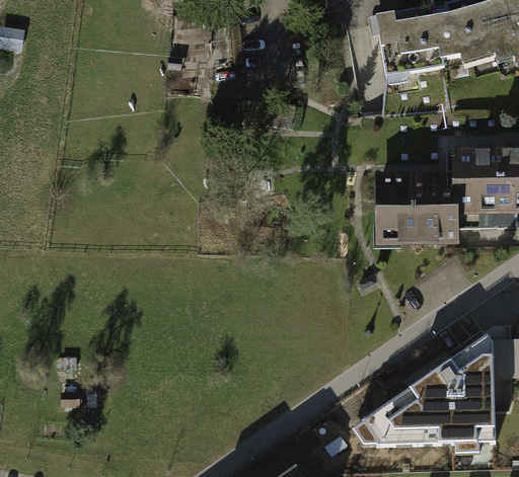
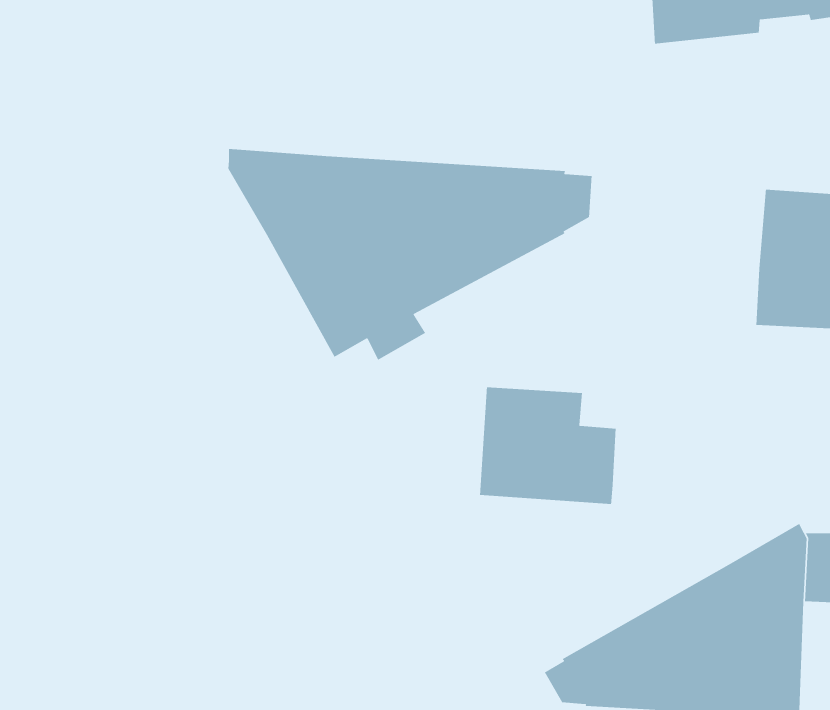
building: none -> [228,148,593,361]
building: [379,177,454,239] -> [479,386,616,505]

